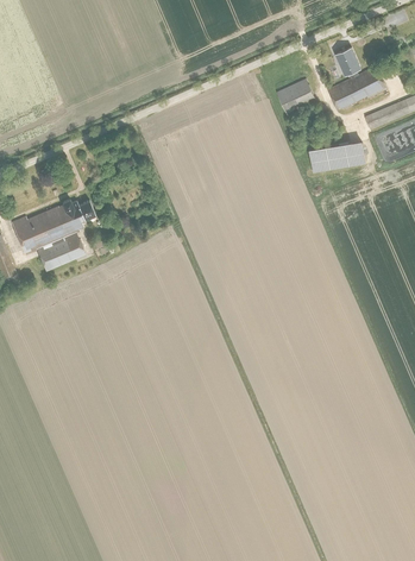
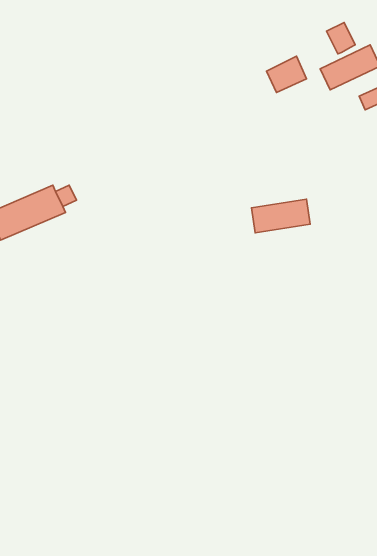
building: [309,140,365,172] -> [251,199,310,233]
building: [37,235,84,270] -> none

